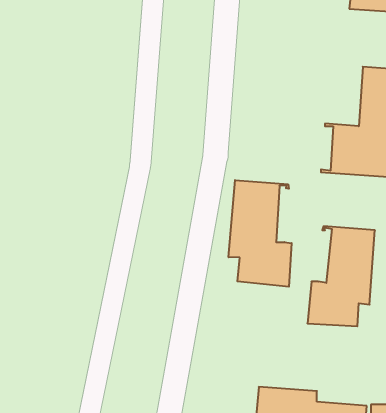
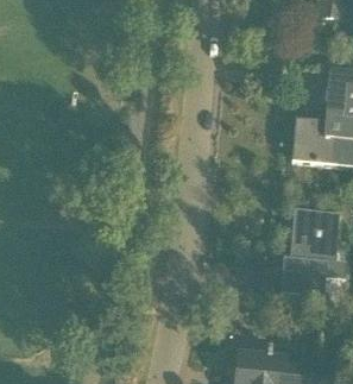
building: [229,180,292,287] -> none

